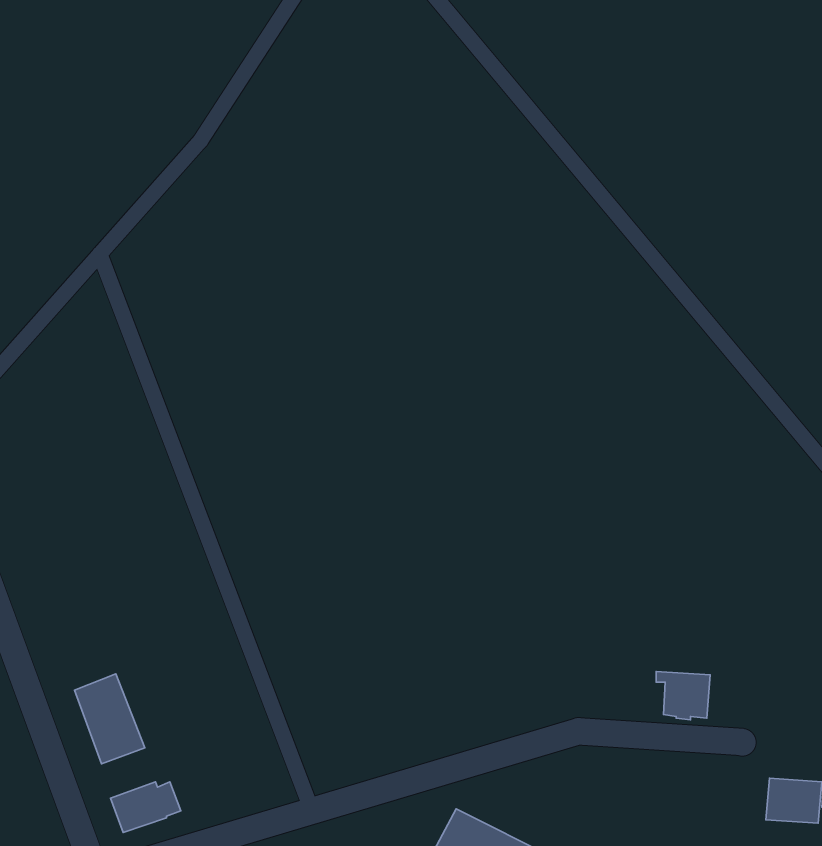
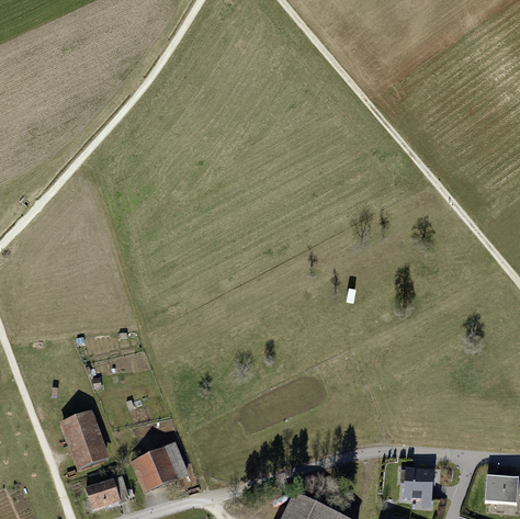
building: [656,671,710,720] -> [400,469,433,498]
building: none -> [132,443,186,492]

